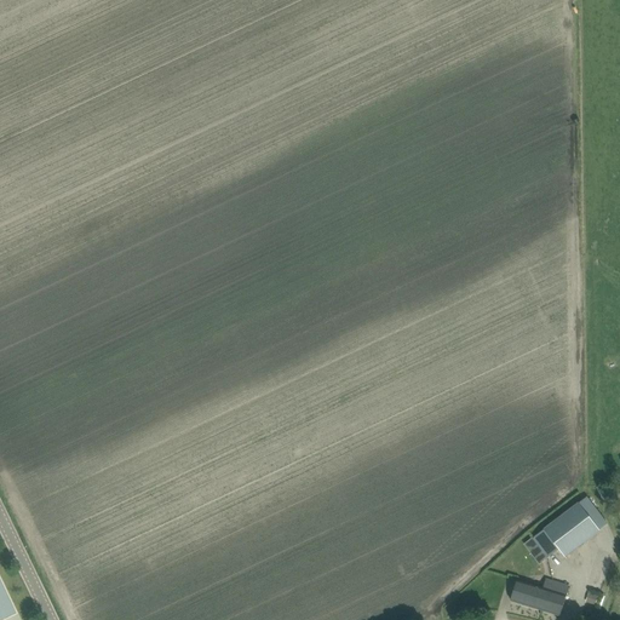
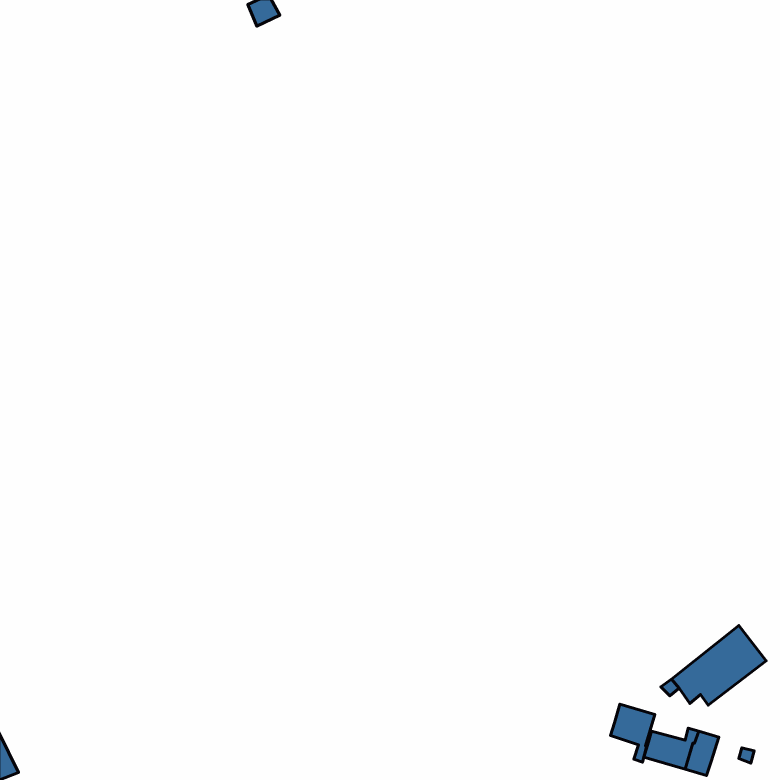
building: none -> [611,704,655,762]

